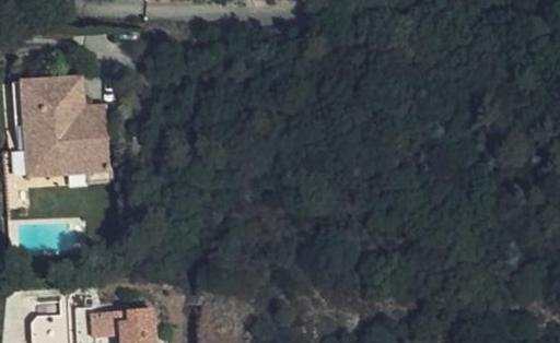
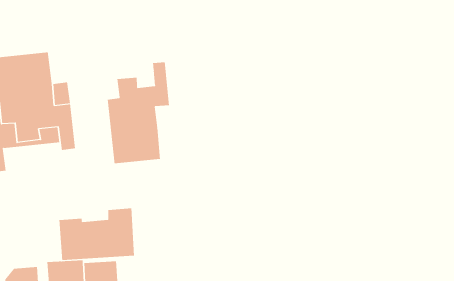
building: none -> [107,62,170,164]
building: none -> [59,207,134,261]

